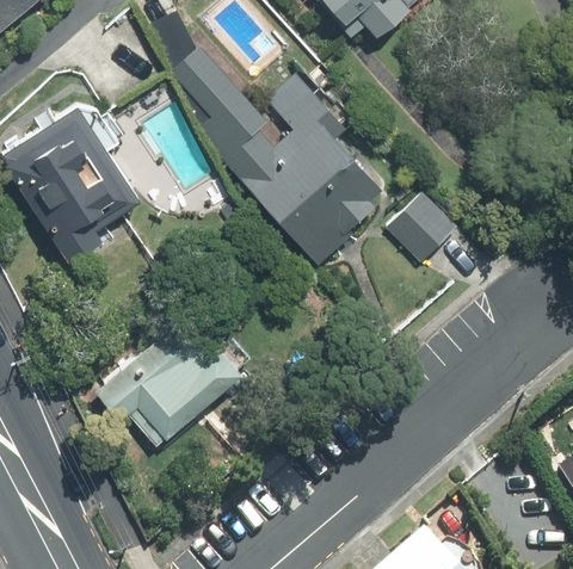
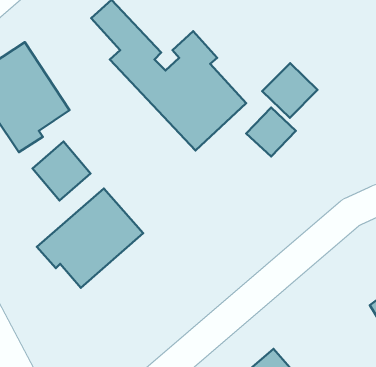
building: none -> [262,63,318,118]
building: none -> [33,142,90,200]

